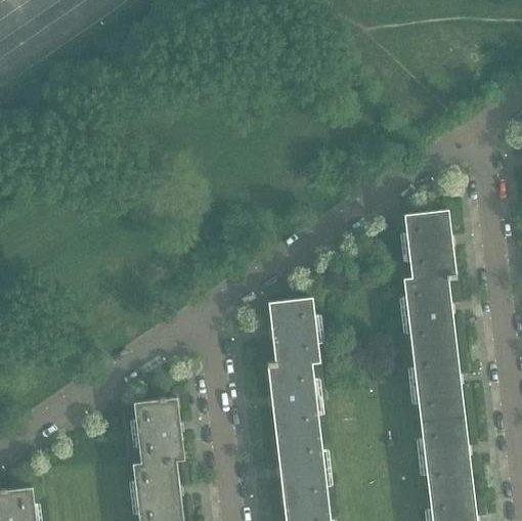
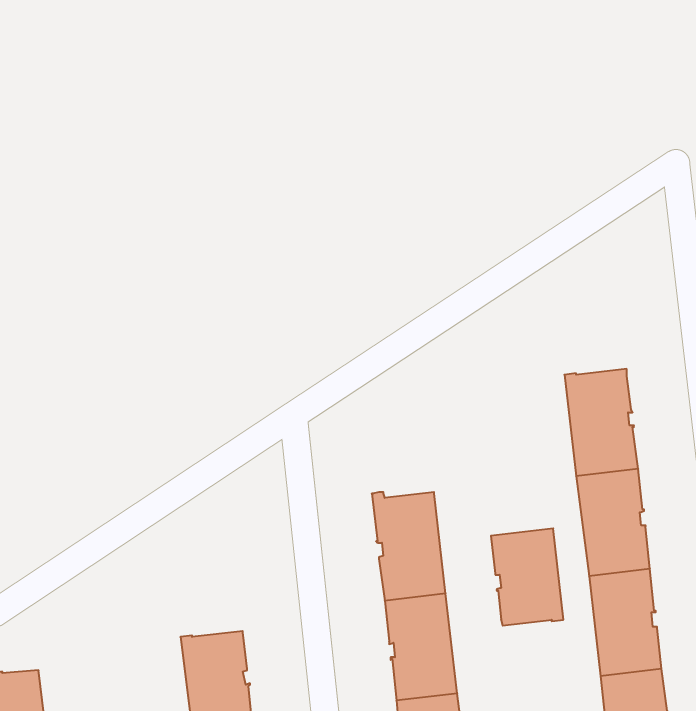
building: [404,211,455,280] -> none
building: [268,298,319,366] -> [491,528,563,626]
building: [134,398,184,465] -> none

